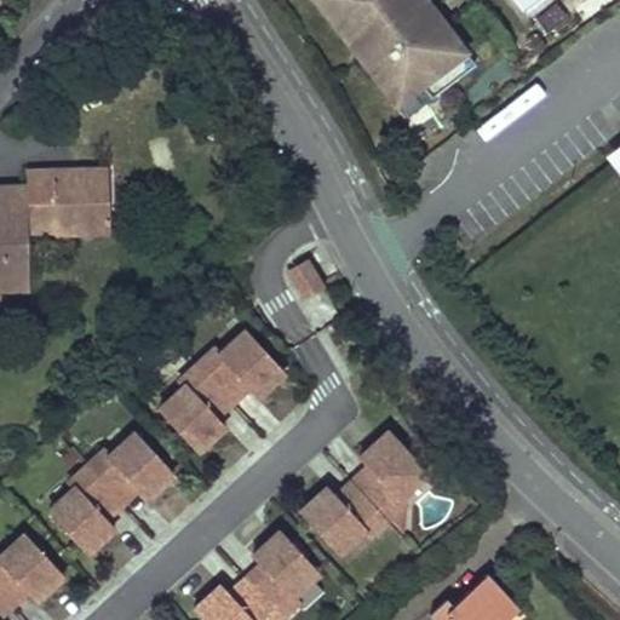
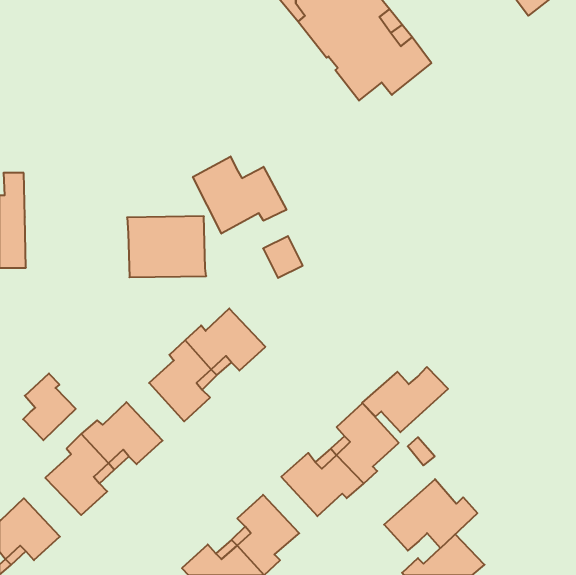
building: [24,167,109,232] -> [127,216,206,277]
building: none -> [193,156,286,234]
building: none -> [362,367,448,432]
building: none -> [23,373,76,440]
building: none -> [384,479,477,551]

